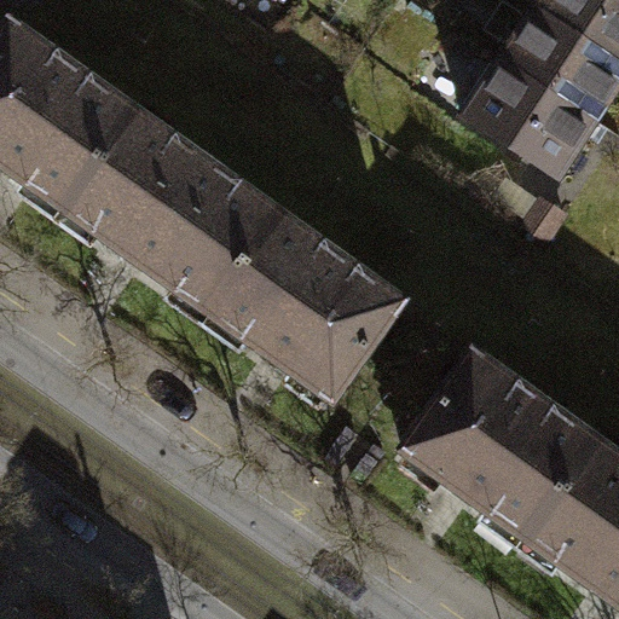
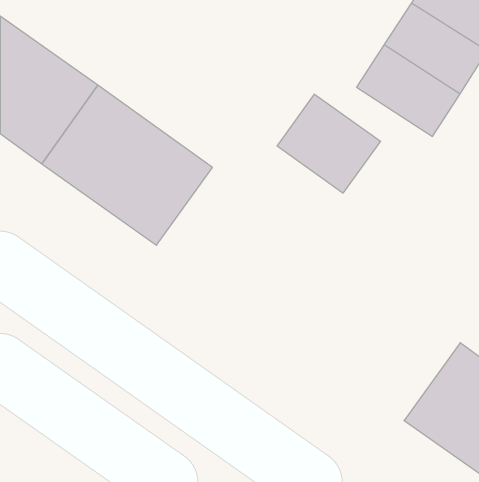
building: none -> [277,94,380,193]
building: [207,214,400,400] -> none
building: [399,351,594,537] -> none

